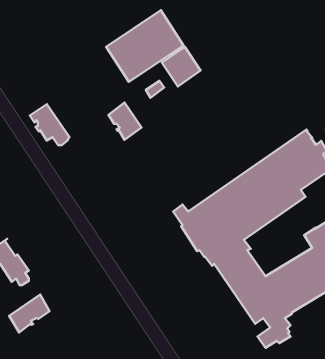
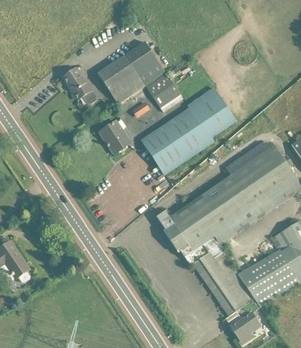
building: none -> [142,87,235,173]
building: [30,104,70,145] -> [63,66,98,102]
building: [9,295,49,332] -> none

